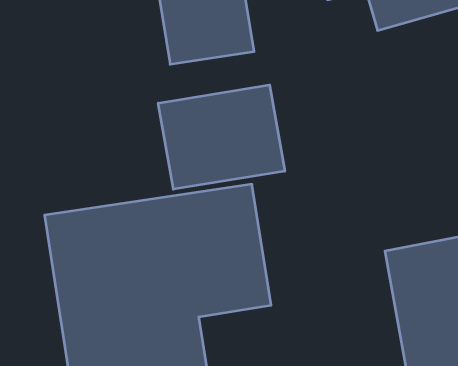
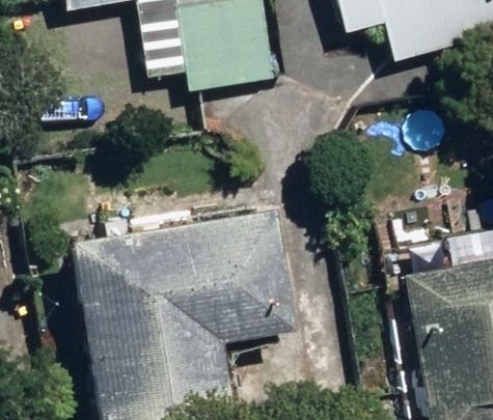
building: [158,85,285,189] -> none

